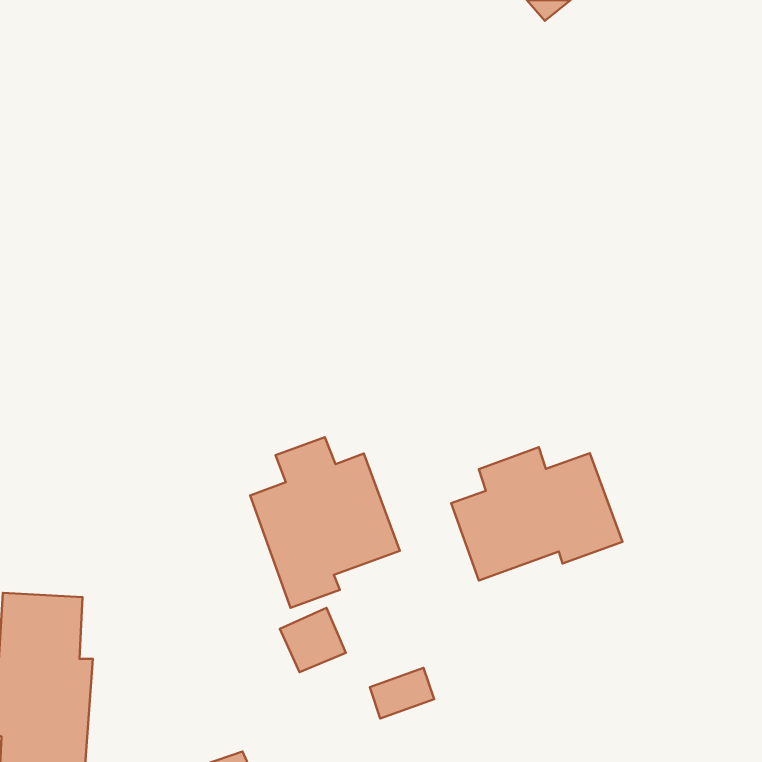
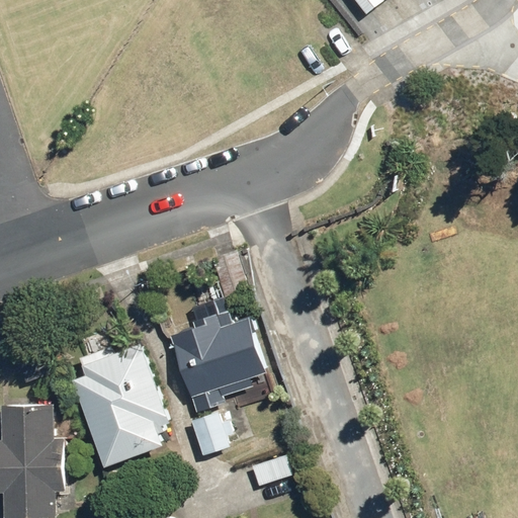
building: [451,447,622,581] -> none
building: none -> [70,348,170,467]

